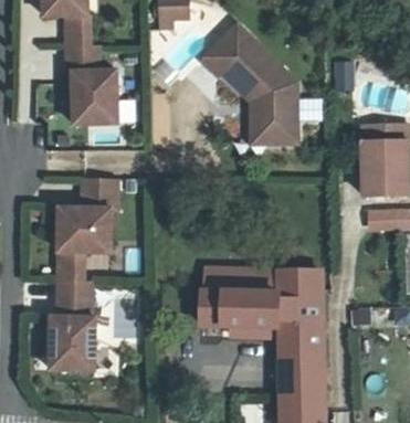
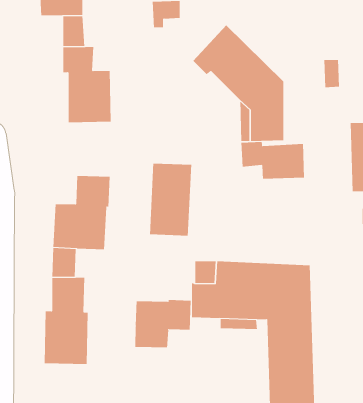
building: none -> [241,141,305,180]
building: none -> [149,163,192,236]
building: none -> [135,299,191,348]

